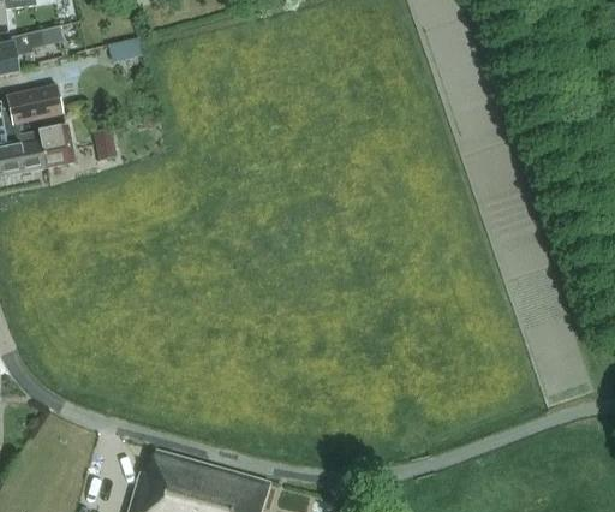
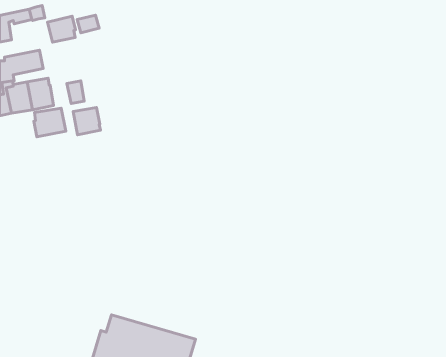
building: none -> [47,16,75,42]
building: none -> [73,107,101,135]
building: none -> [34,108,66,137]

